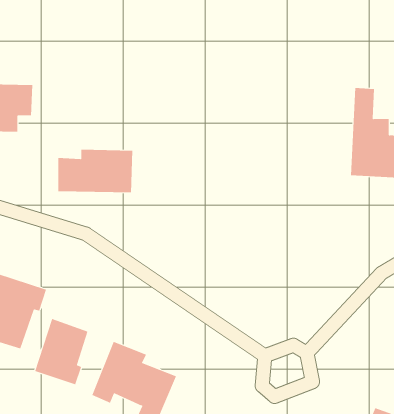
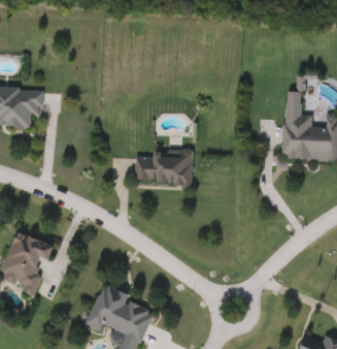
building: [57,149,133,193] -> [135,150,193,183]
building: [35,318,88,385] -> none

